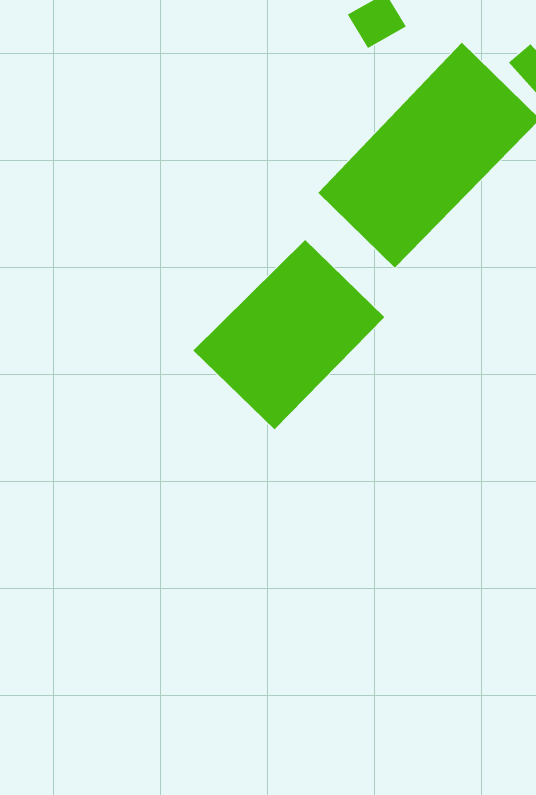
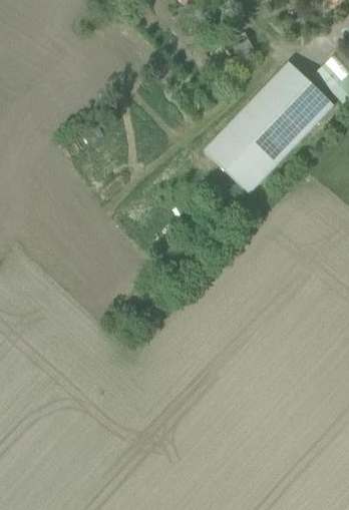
building: [193,239,385,430] -> none

